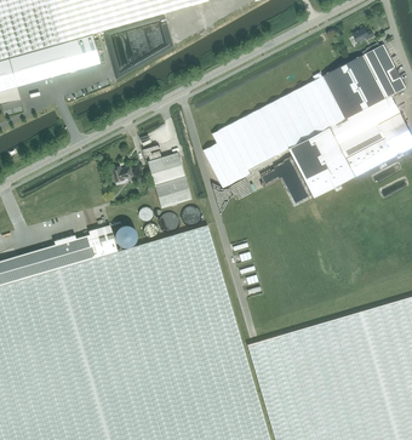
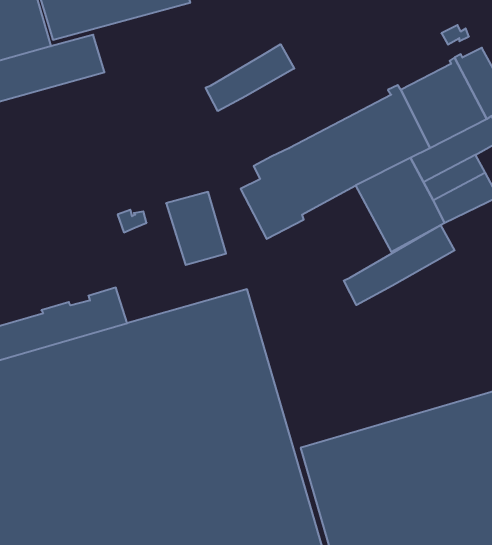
building: none -> [206,44,294,111]
building: none -> [344,225,455,305]

